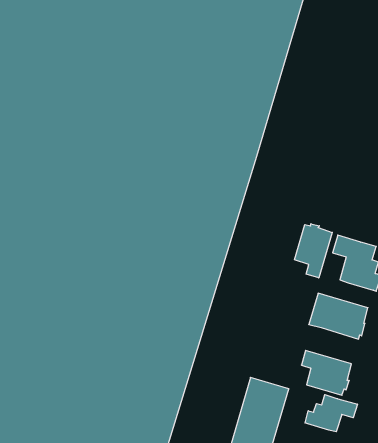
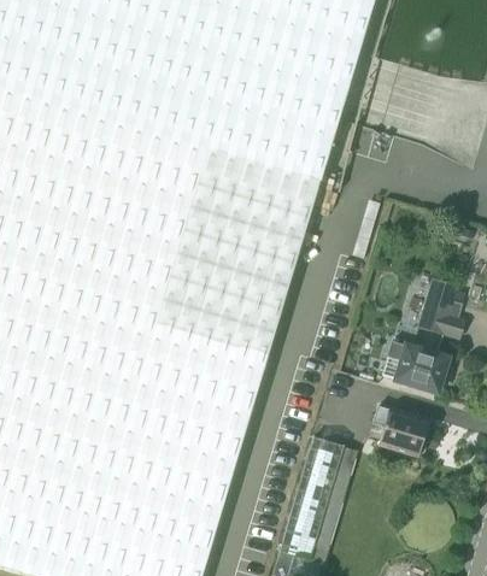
building: [295,224,332,278] -> none
building: [305,395,357,432] -> none

